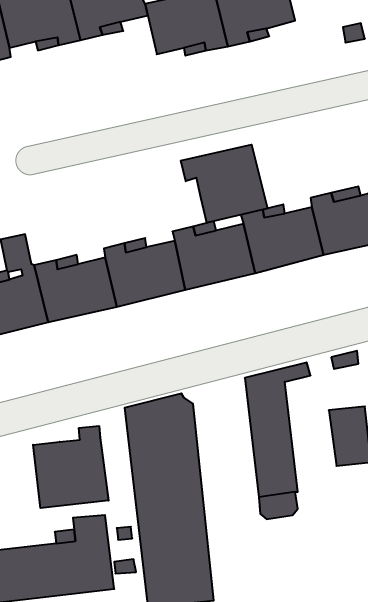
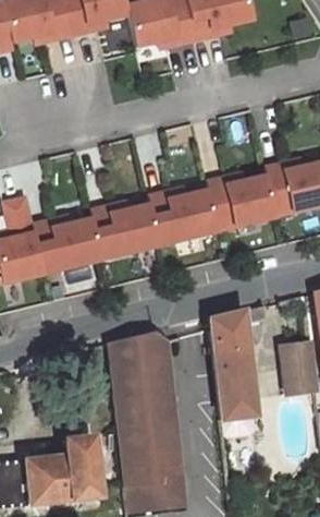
building: [181,145,267,223] -> none
building: [33,426,109,508] -> none

